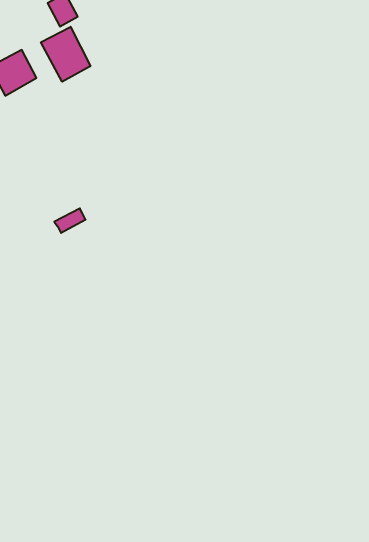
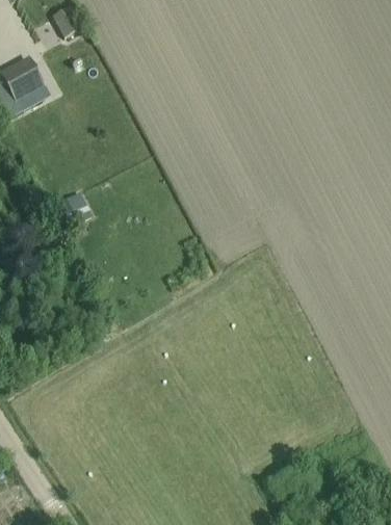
building: [41,27,90,82] -> none

